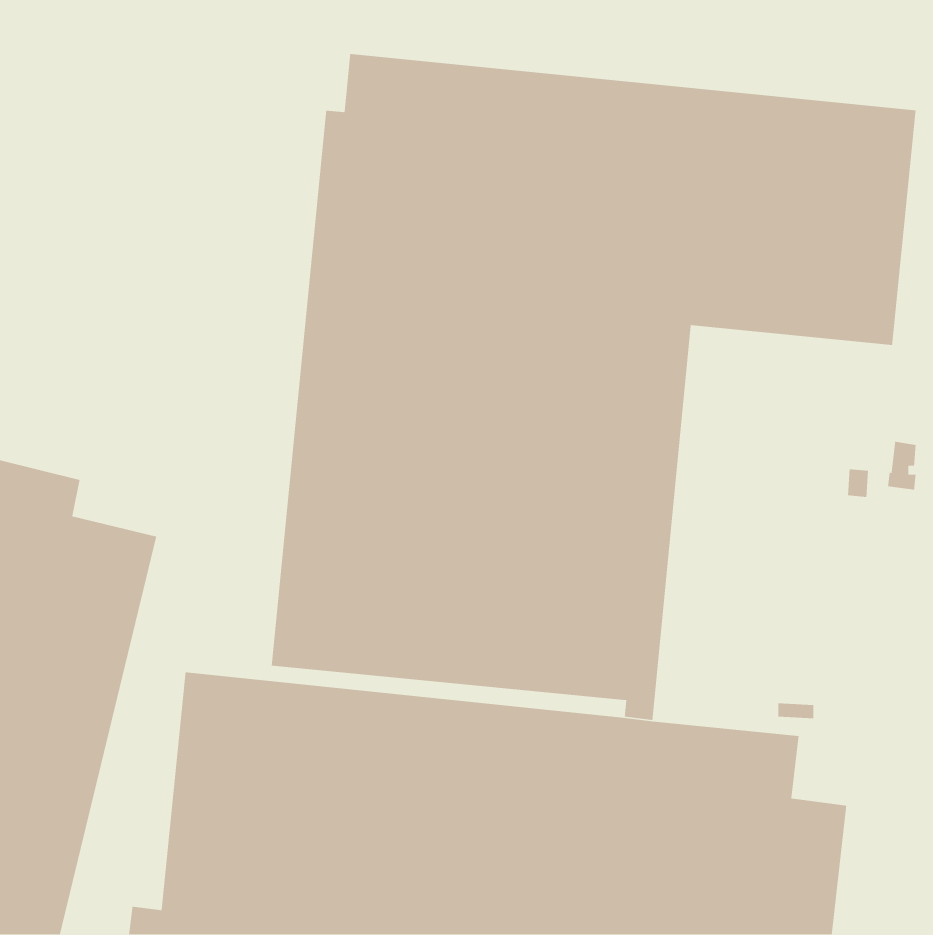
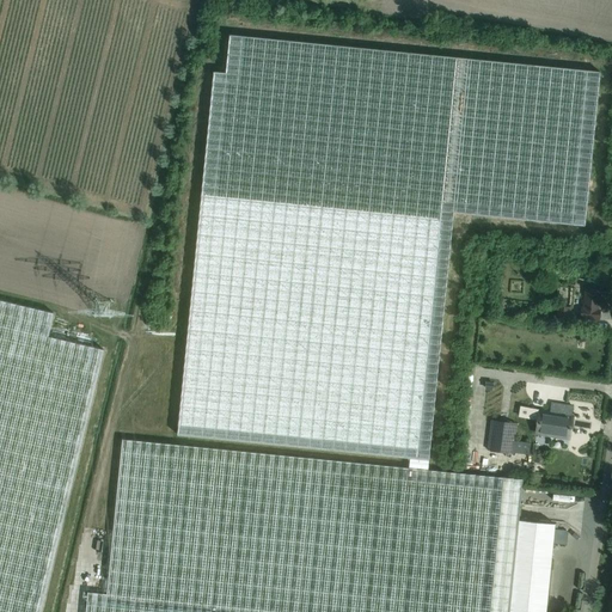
building: none -> [537,403,585,437]
building: none -> [486,421,530,454]

